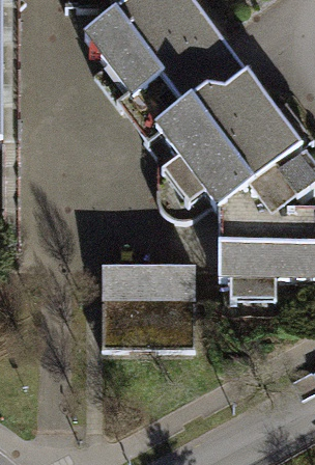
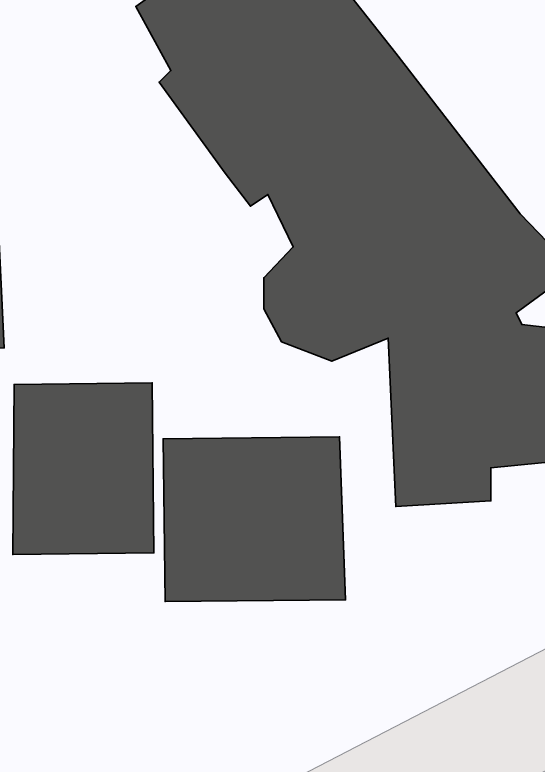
building: none -> [13,383,154,555]

